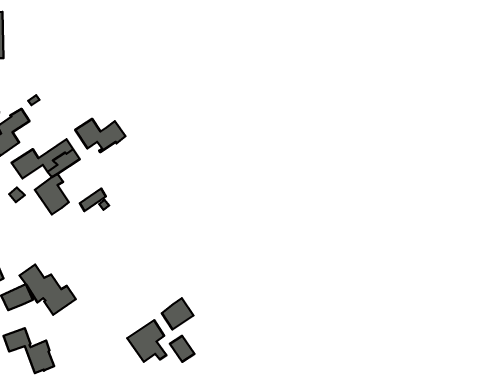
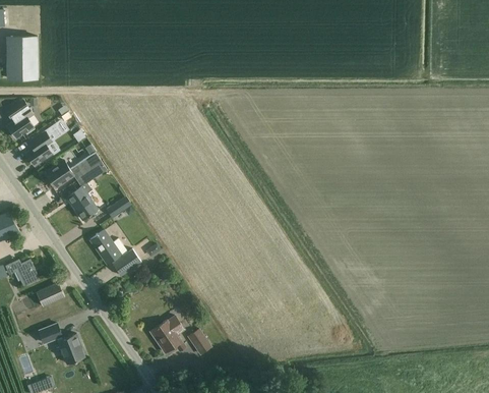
building: [75,119,125,152] -> none
building: [20,264,76,315] -> [89,230,140,276]
building: [162,298,194,330] -> none

